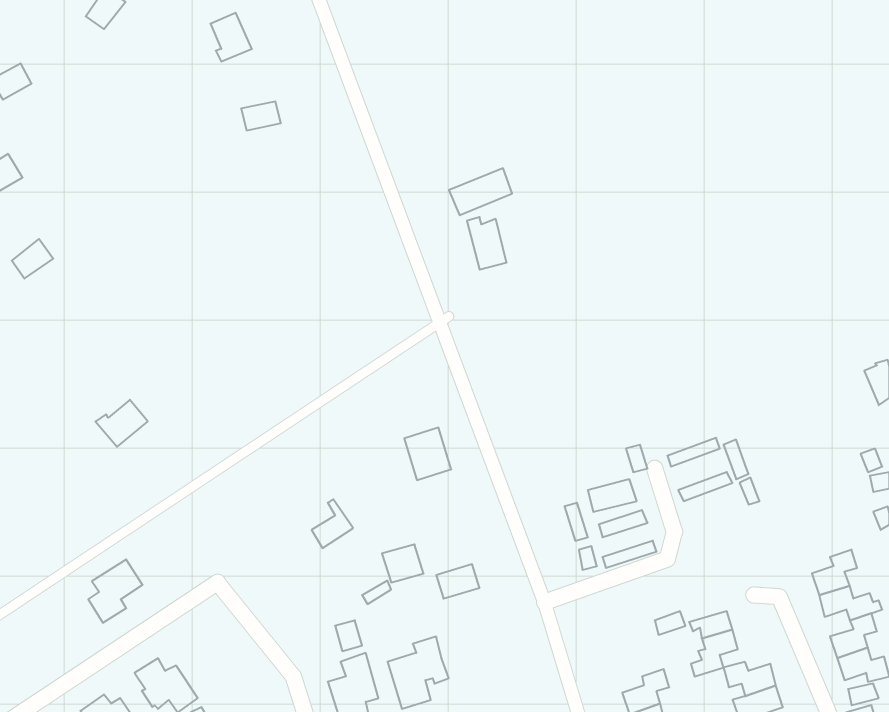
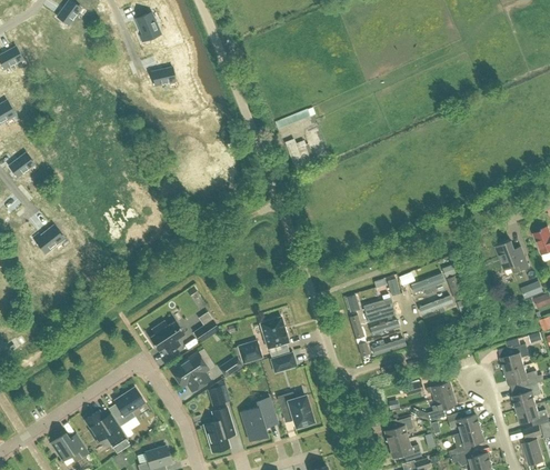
building: none -> [496,241,529,272]
building: [95,400,148,447] -> [32,224,64,253]
building: [404,428,451,480] -> [260,317,289,349]
building: none -> [147,320,184,353]
building: [88,559,143,623] -> [111,387,144,426]
building: none -> [171,352,210,391]
building: none -> [278,392,313,427]

